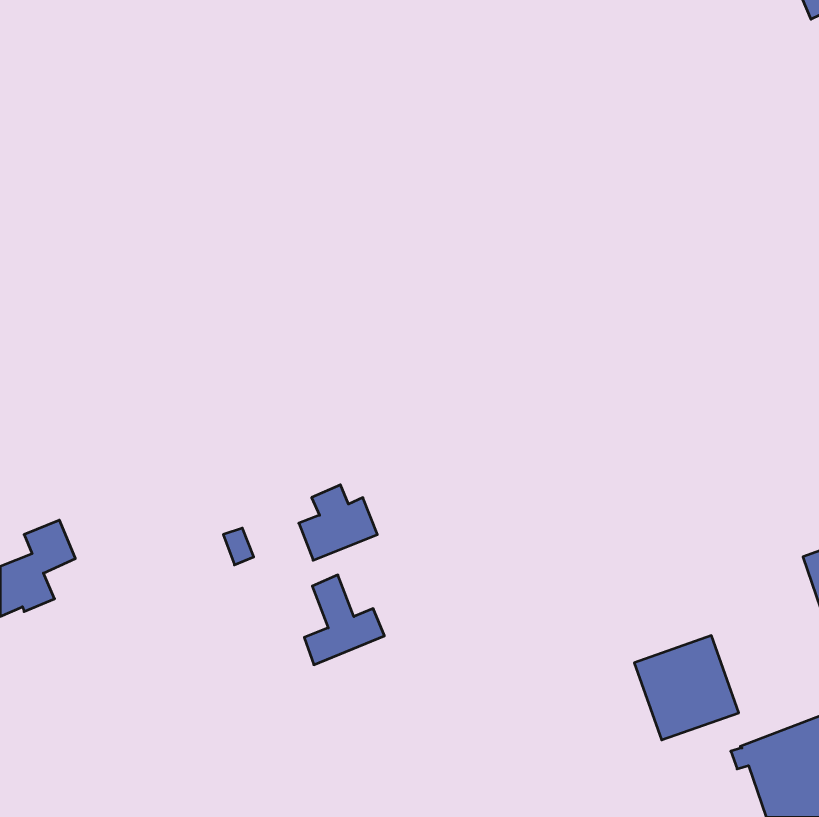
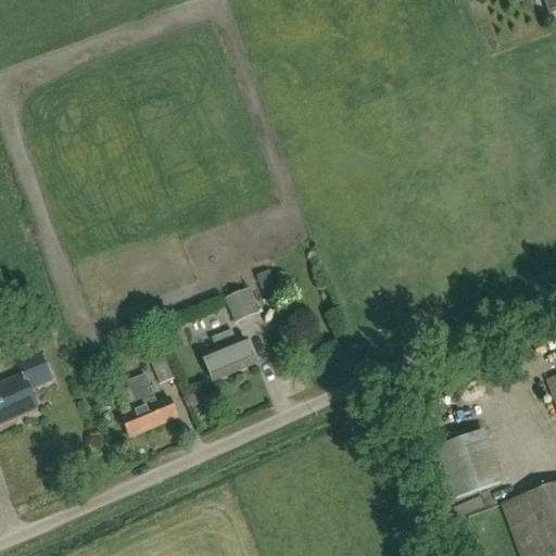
building: none -> [226,288,258,321]
building: [304,575,384,665] -> [123,374,177,434]

